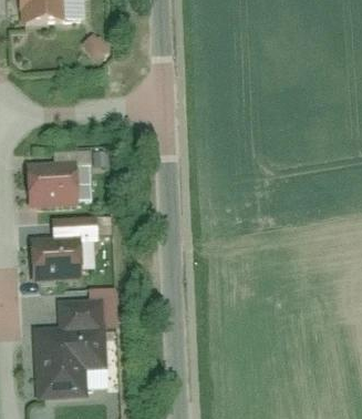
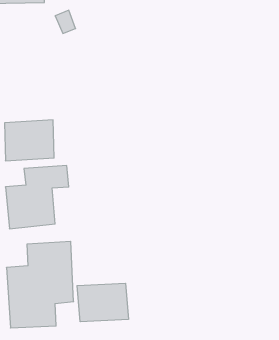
building: none -> [77,283,128,322]

